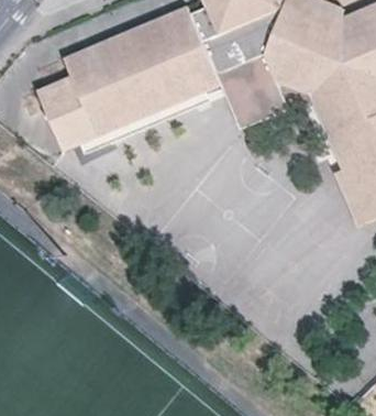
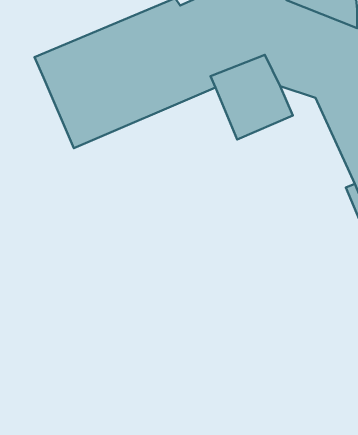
building: [40,75,99,150] -> none

